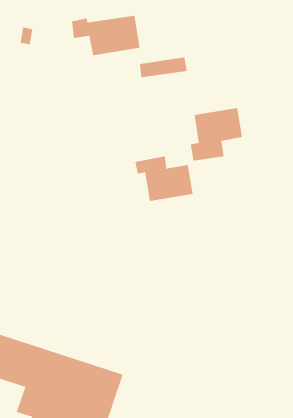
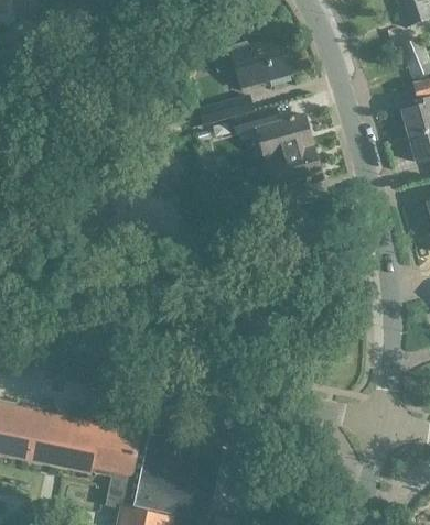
building: [71,15,141,56] -> [211,35,290,85]
building: [135,156,193,202] -> [241,105,310,156]

